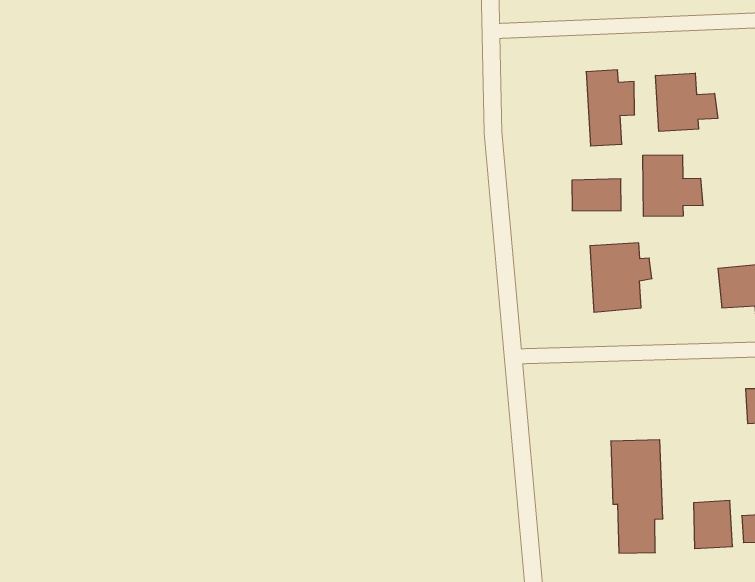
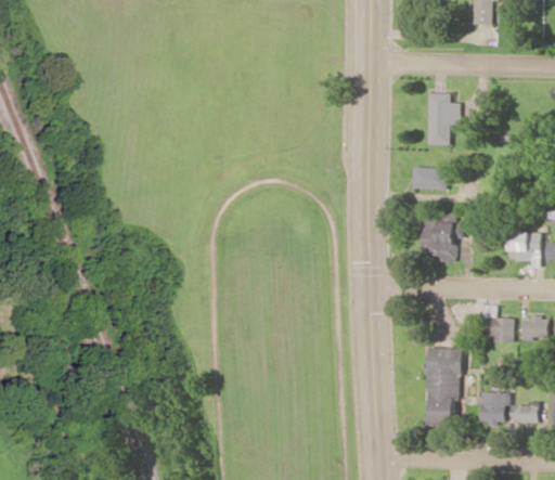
building: [656,73,718,131] -> none
building: [643,155,703,216] -> none
building: none -> [482,306,513,342]

